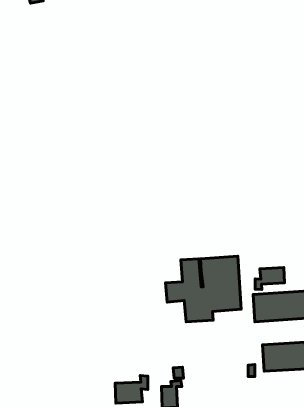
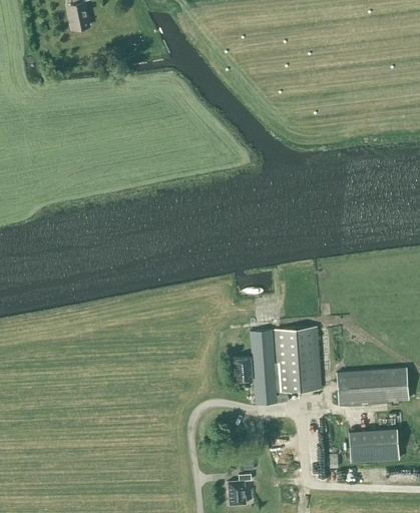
building: [255,267,284,289] -> none
building: [115,376,148,403] -> none

